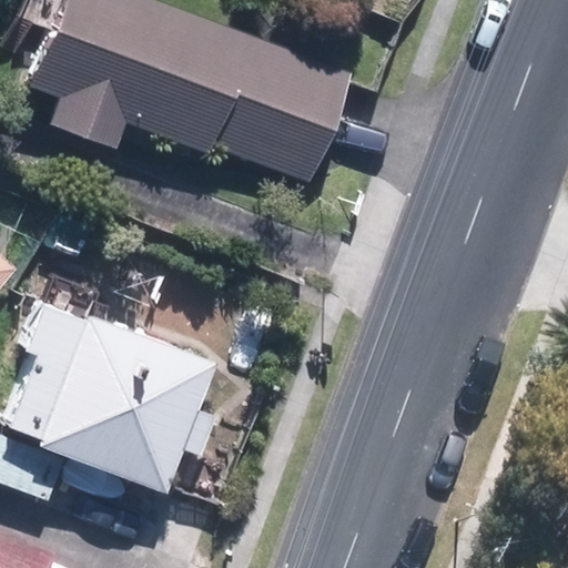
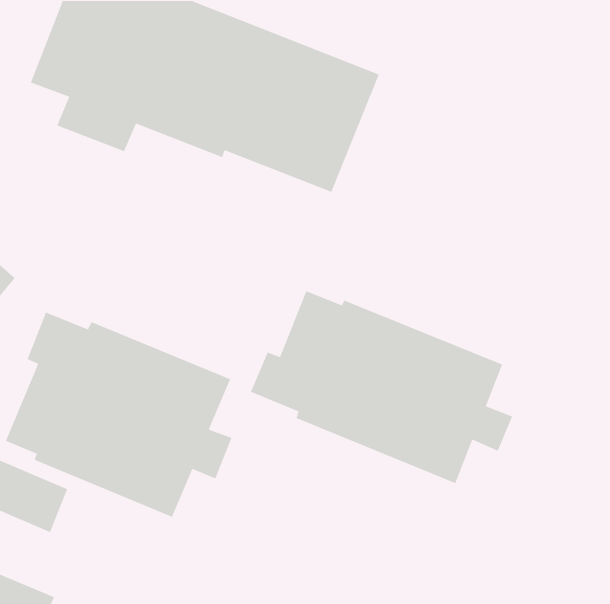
building: none -> [250,290,513,484]

